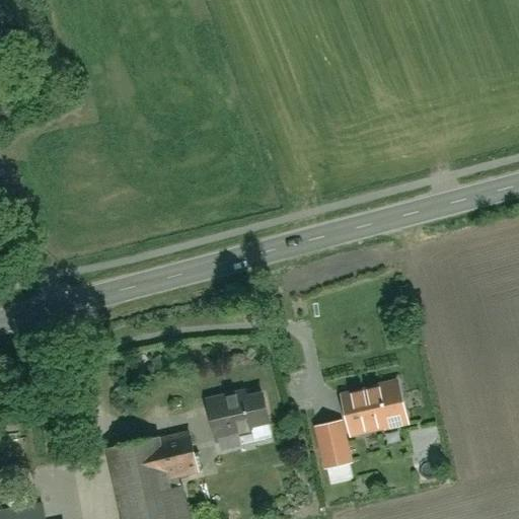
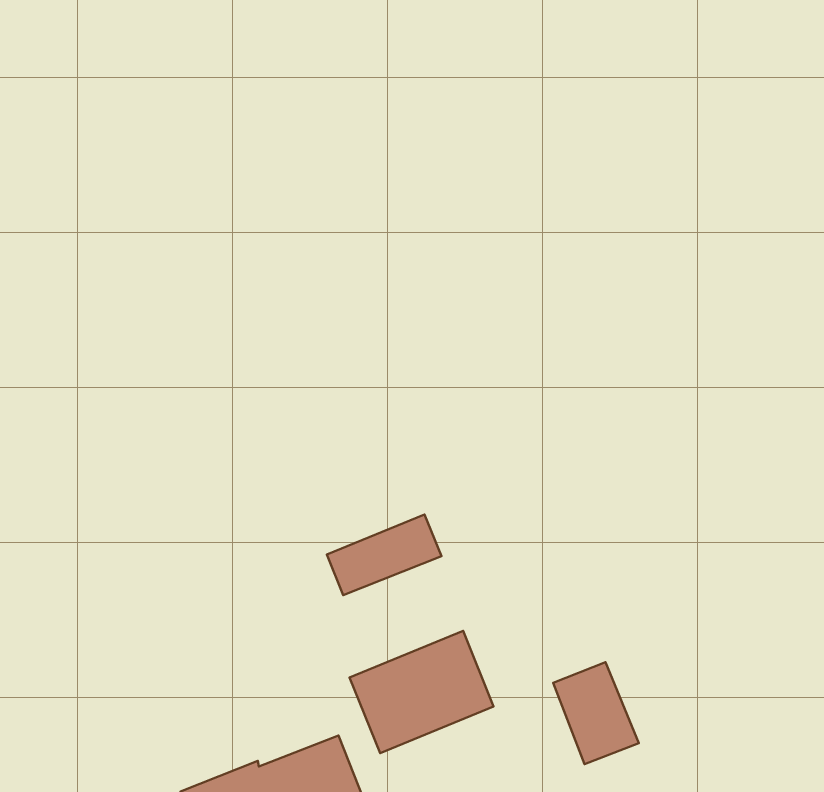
building: none -> [327,514,442,595]
building: [341,382,414,438] -> none

